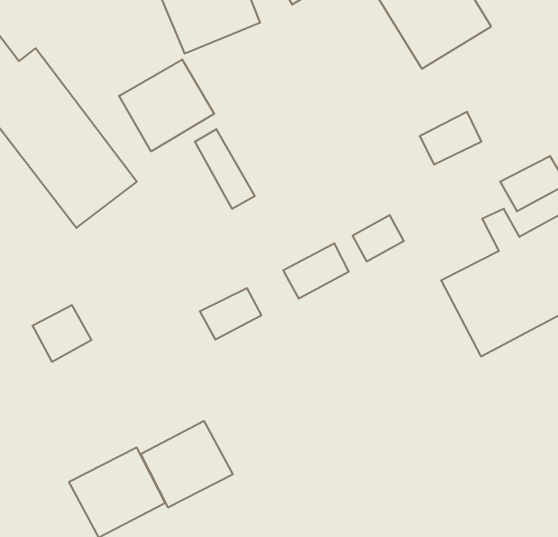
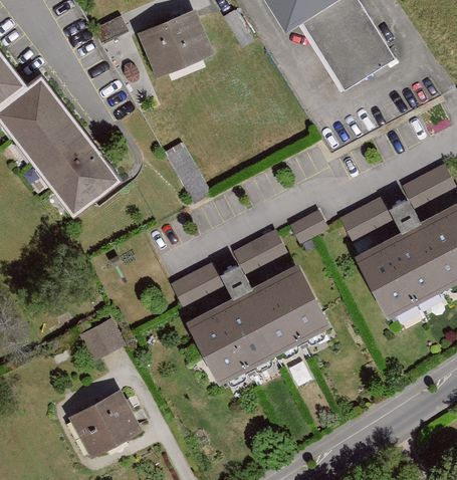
building: [119,59,214,151] -> none
building: [420,112,481,165] -> [339,196,388,237]
building: none -> [189,267,330,385]
building: [32,305,92,362] -> [79,316,126,361]
building: [141,421,233,508] -> none

